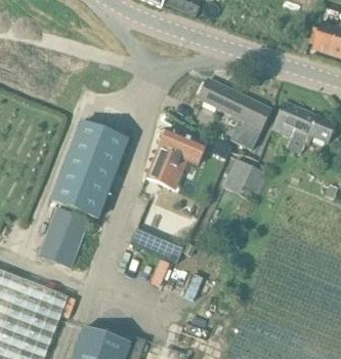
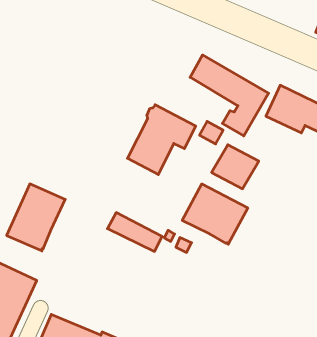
building: [51,122,127,215] -> none
building: none -> [182,184,248,244]

